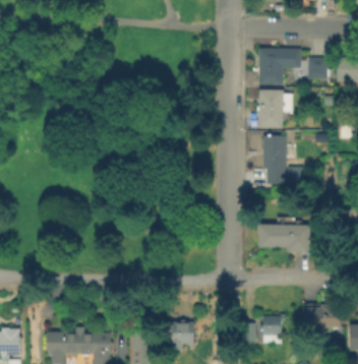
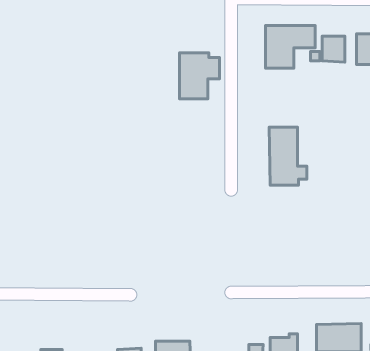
building: [258,90,293,130] -> [179,53,220,99]
building: [258,221,312,255] -> none

